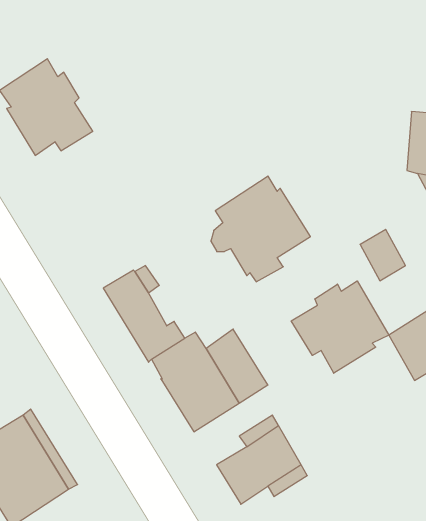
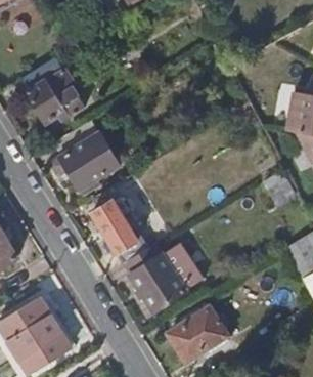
building: [211,176,310,282] -> [53,123,121,195]
building: [291,281,389,373] -> none

